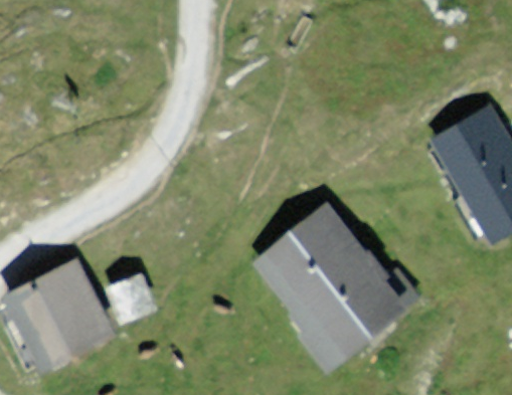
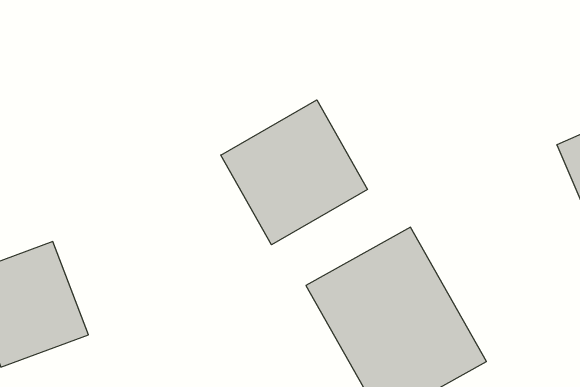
building: none -> [221,100,367,245]

